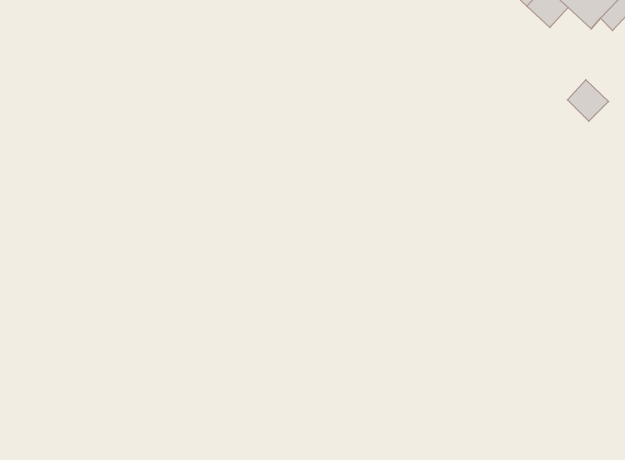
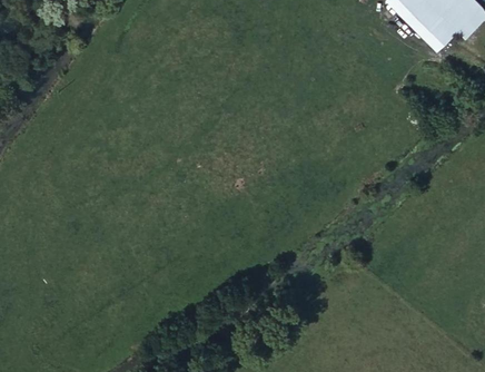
building: [567,80,609,121] -> [422,22,452,52]

